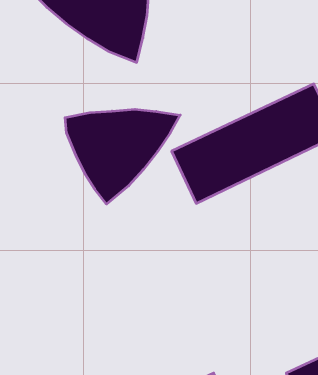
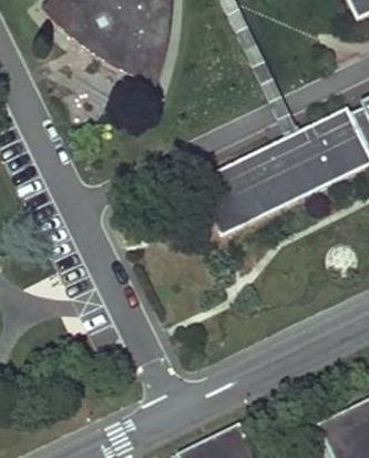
building: [65,109,180,204] -> none

